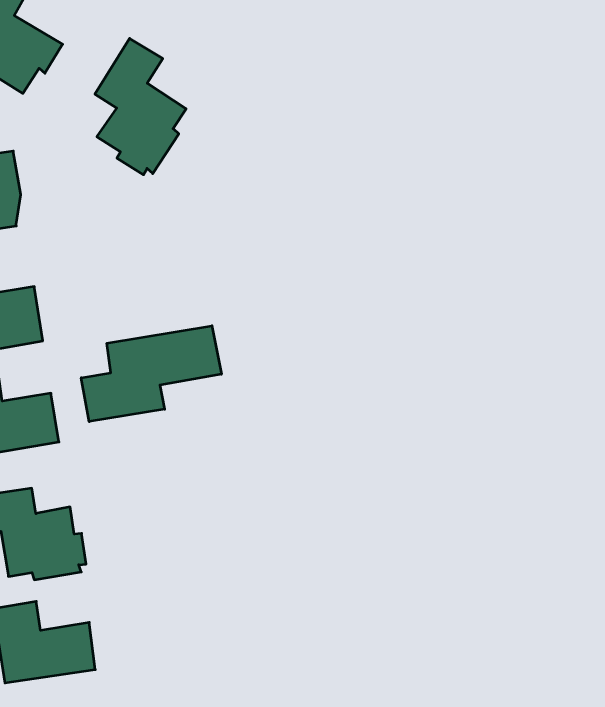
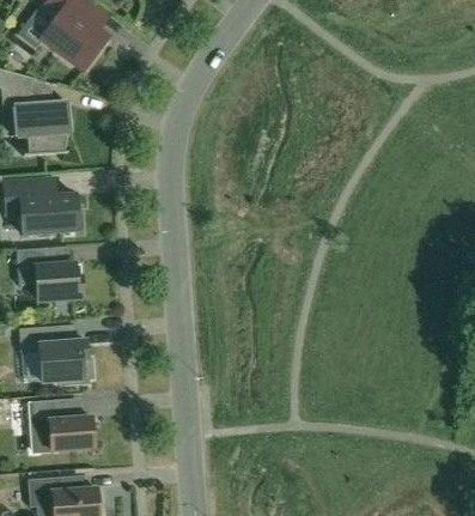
building: [95,38,186,175] -> none
building: [81,326,221,422] -> none

